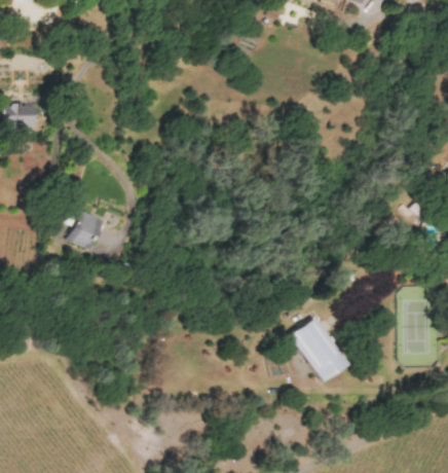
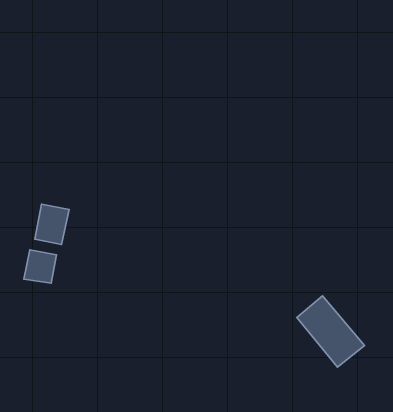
building: none -> [24,250,56,283]

